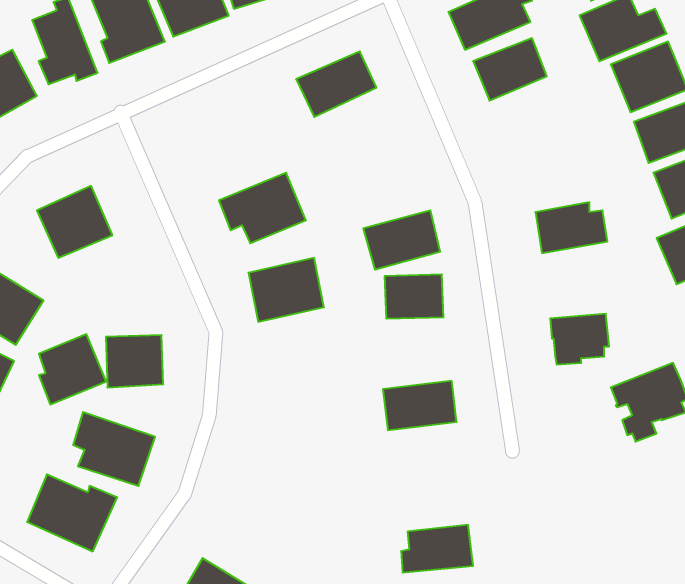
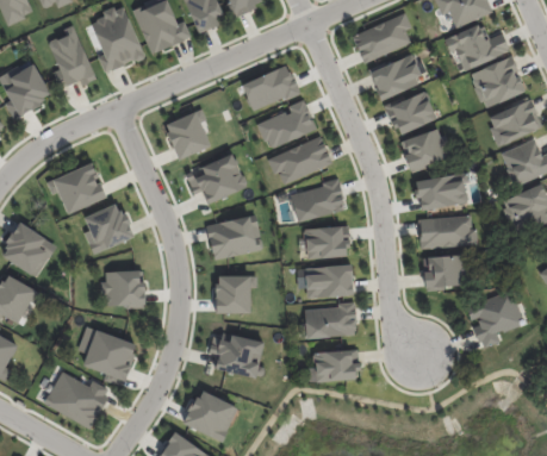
building: none -> [386,90,436,135]
building: none -> [257,99,317,149]
building: none -> [166,111,211,158]
building: none -> [402,130,447,170]
building: none -> [269,136,332,186]
building: none -> [418,215,478,248]
building: none -> [305,266,353,296]
building: [39,334,106,405] -> [85,202,133,254]
building: none -> [216,276,257,313]
building: none -> [210,333,262,376]
building: none -> [181,391,238,442]
building: [401,525,473,573] -> [307,349,360,383]

